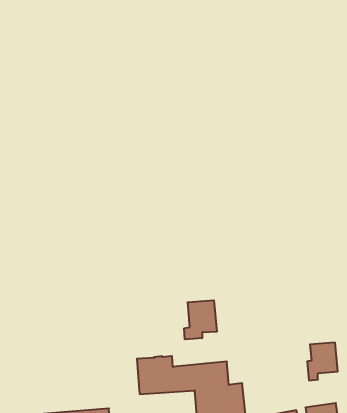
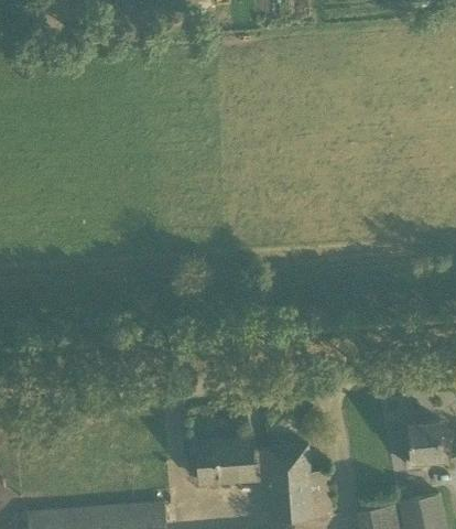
building: [184,300,217,339] -> none

